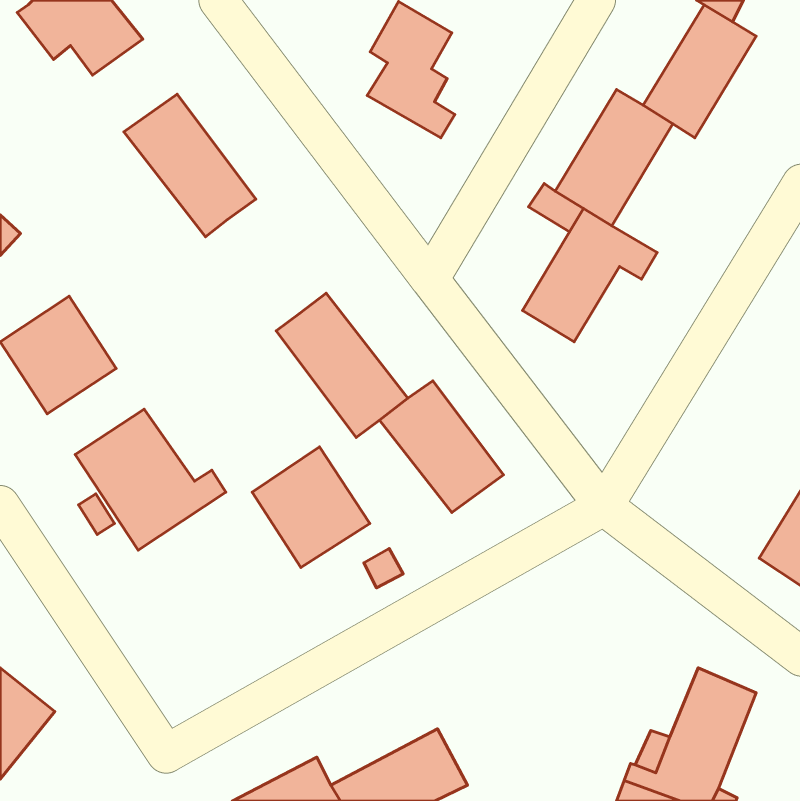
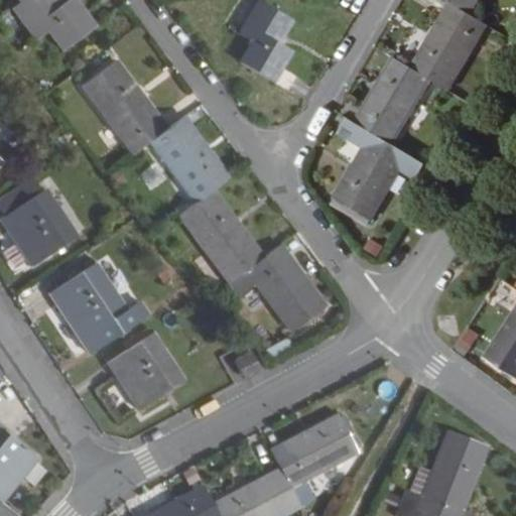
building: none -> [147,116,228,202]
building: [252,447,370,568] -> [107,332,182,409]
building: none -> [272,416,357,505]

